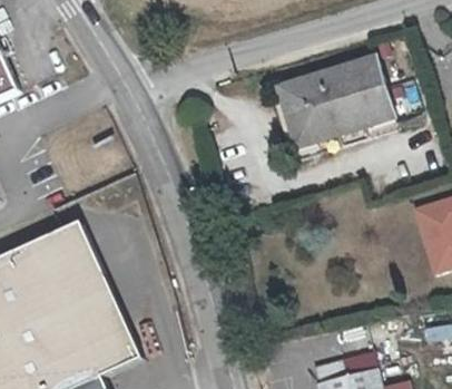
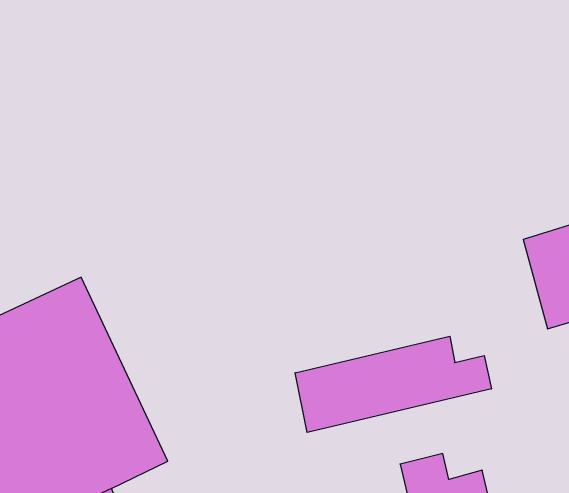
building: [284,57,395,142] -> none
building: none -> [295,336,491,432]

